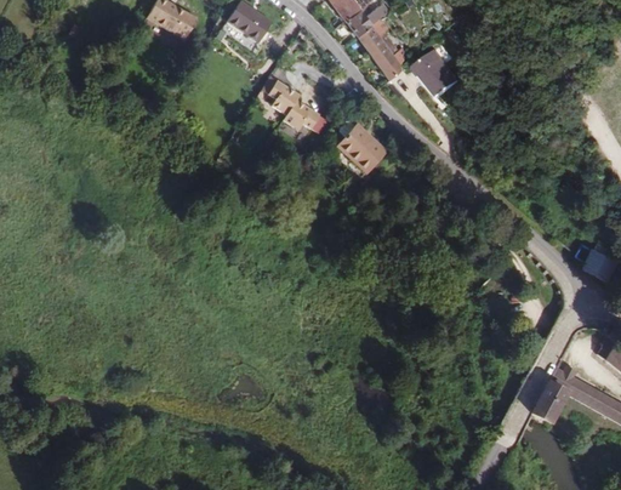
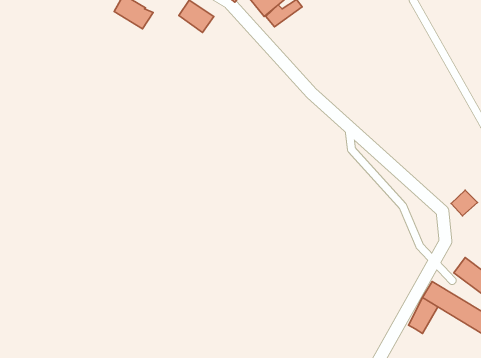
building: [357,19,411,80] -> none
building: [414,53,456,99] -> none
building: [269,79,308,130] -> none
building: [332,121,381,172] -> none

